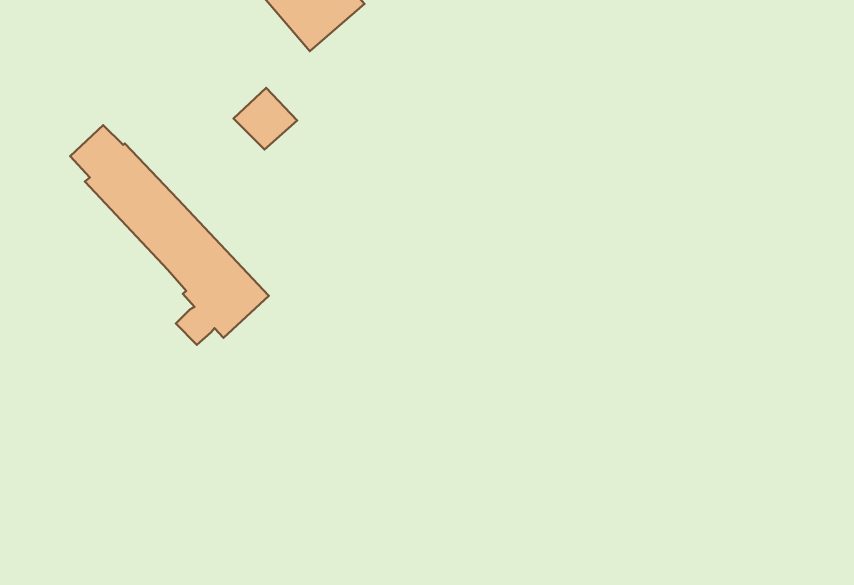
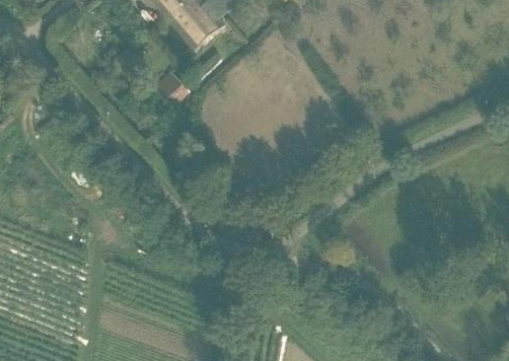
building: [70,125,269,345] -> none

